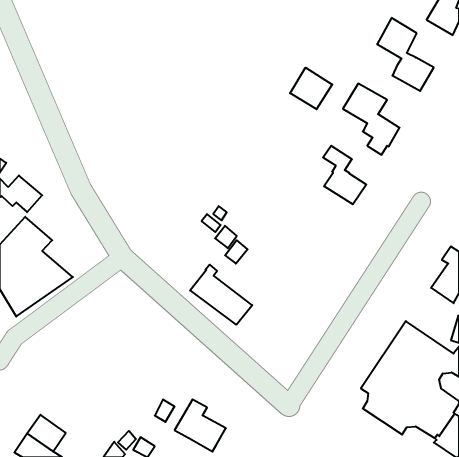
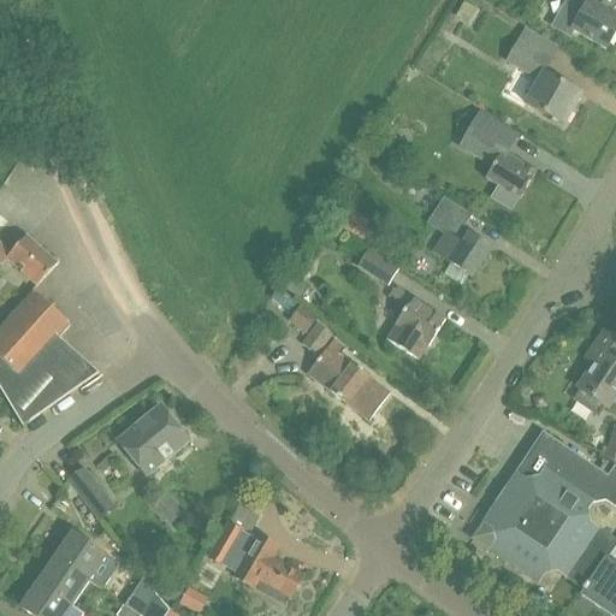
building: [290,68,332,109] -> none
building: none -> [356,247,398,284]
building: none -> [385,284,444,359]
building: [190,265,252,325] -> [307,337,390,417]
building: none -> [117,403,188,474]
building: none -> [65,464,116,519]
building: none -> [54,529,106,579]

